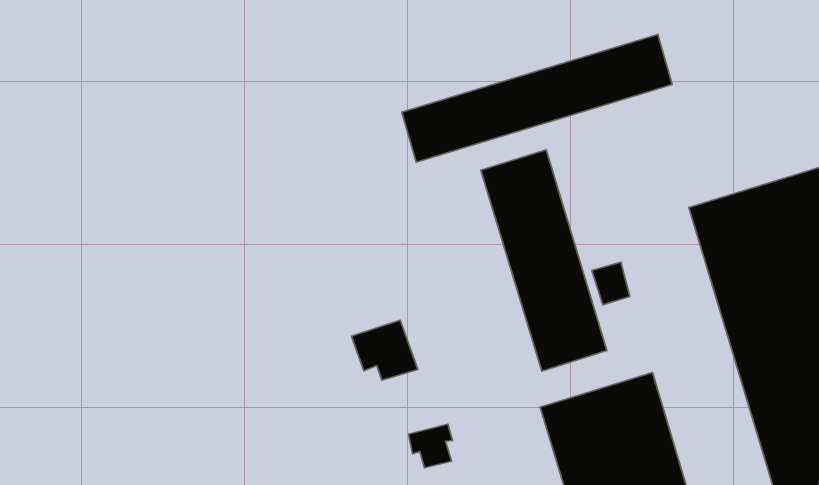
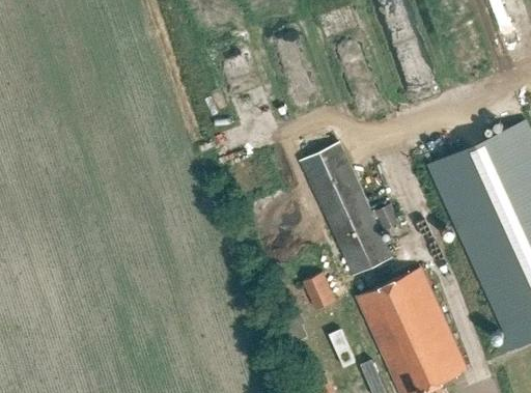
building: [402,34,672,162] -> none
building: [351,320,418,380] -> [295,273,337,310]

